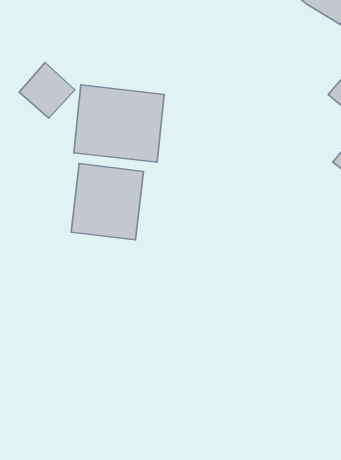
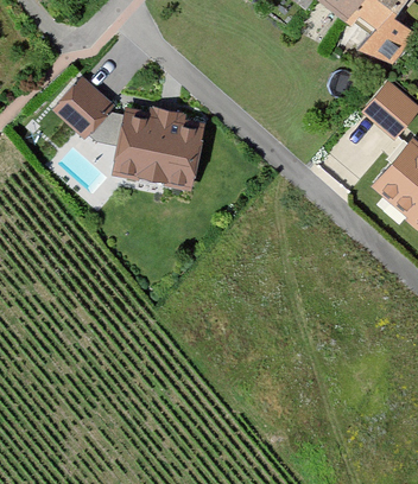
building: [71,164,143,240] -> none

